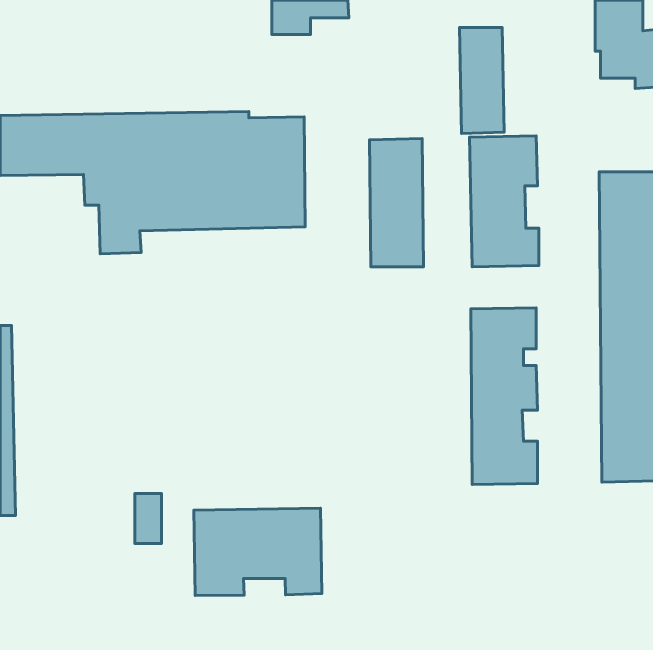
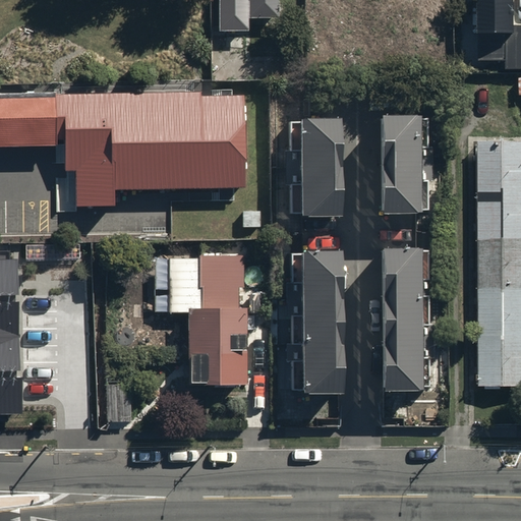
building: [460,27,504,133] -> none
building: none -> [297,247,336,390]
building: none -> [170,256,262,391]
building: [194,508,322,595] -> none

